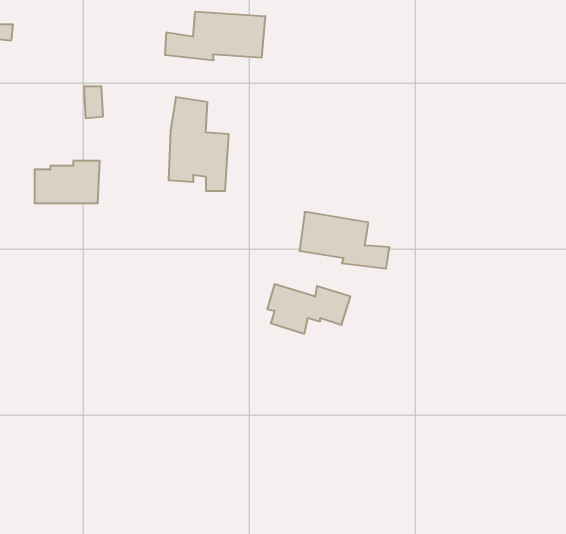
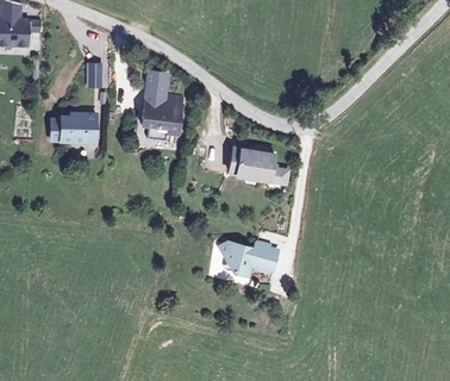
building: [165,12,265,60] -> none
building: [267,284,350,334] -> [223,243,279,276]

